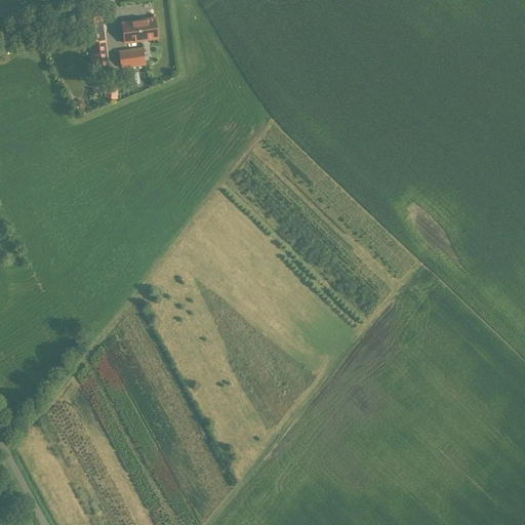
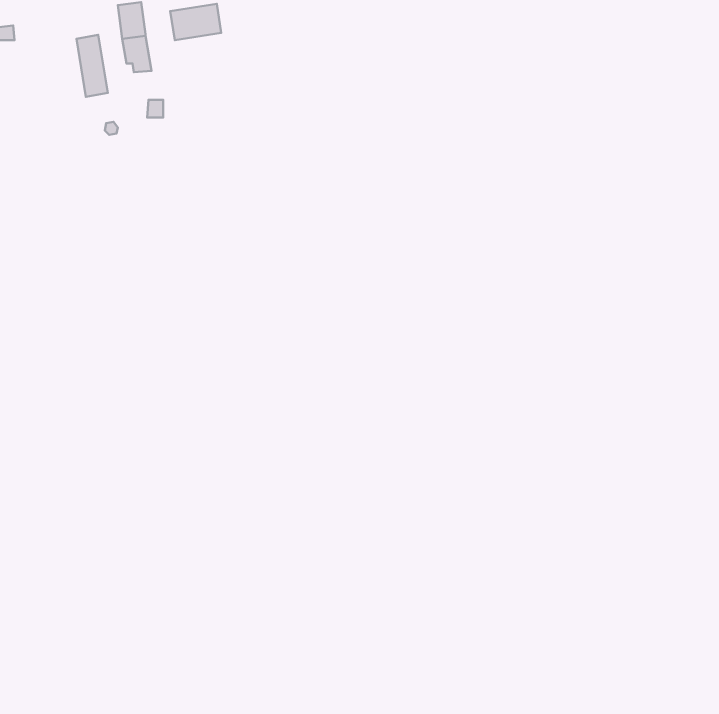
building: none -> [76,35,108,97]
building: [119,47,146,67] -> none

